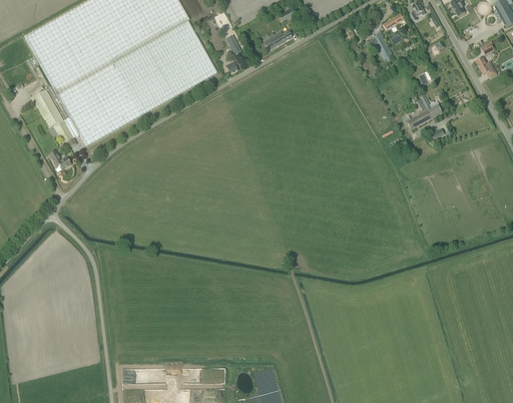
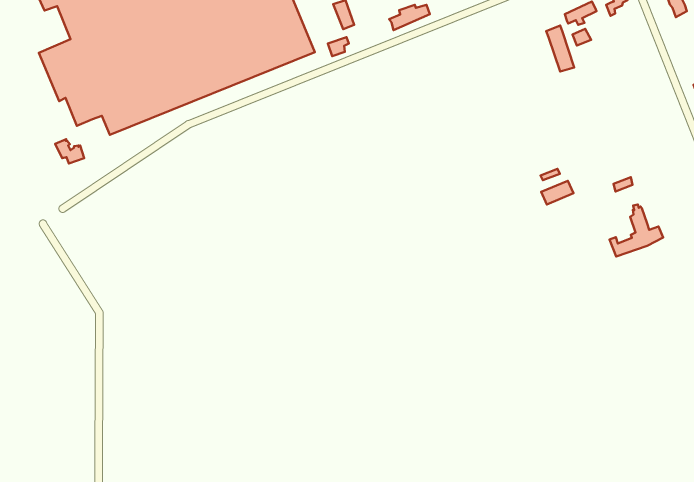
building: [406,91,442,128] -> [609,205,663,257]

